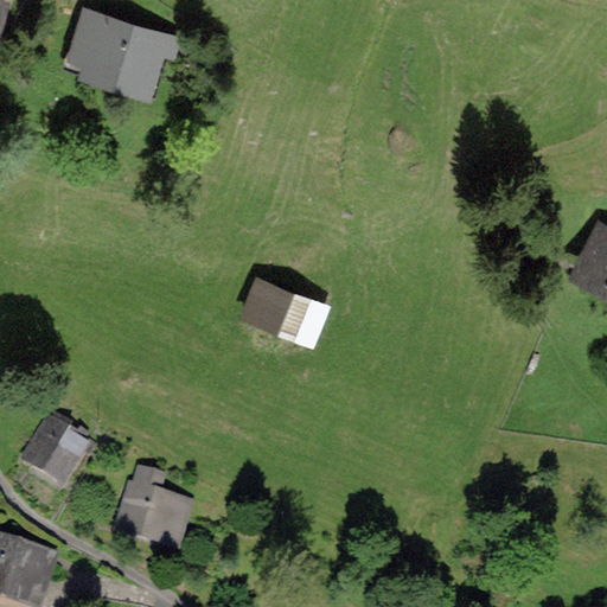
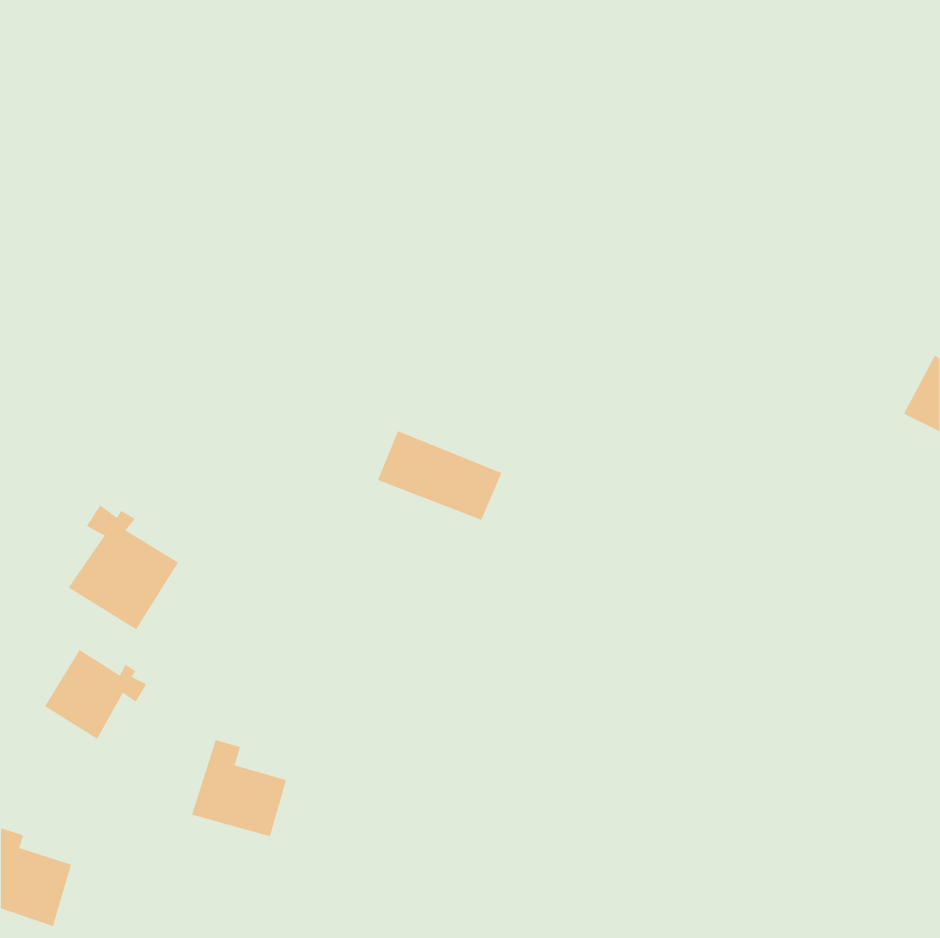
building: [75,14,171,83] -> none
building: none -> [68,504,179,630]

